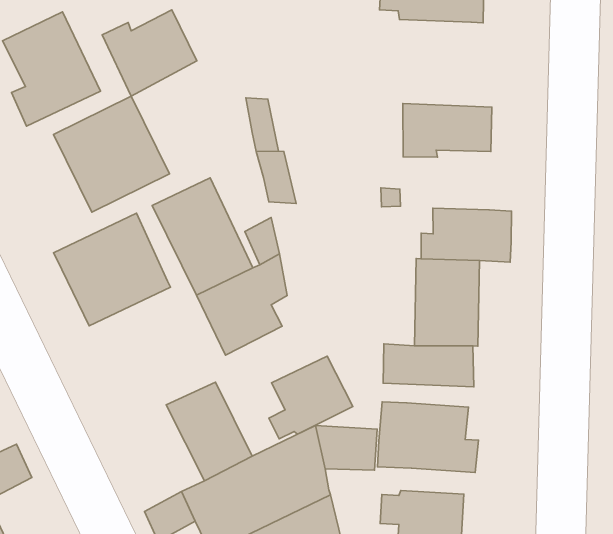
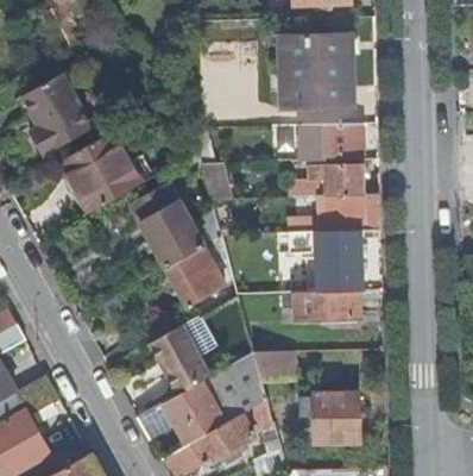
building: [102,10,197,96] -> none
building: none -> [294,64,353,105]
building: none -> [324,164,364,195]
building: [53,213,170,326] -> none
building: [269,356,353,439] -> none
building: [378,402,478,473] -> none

